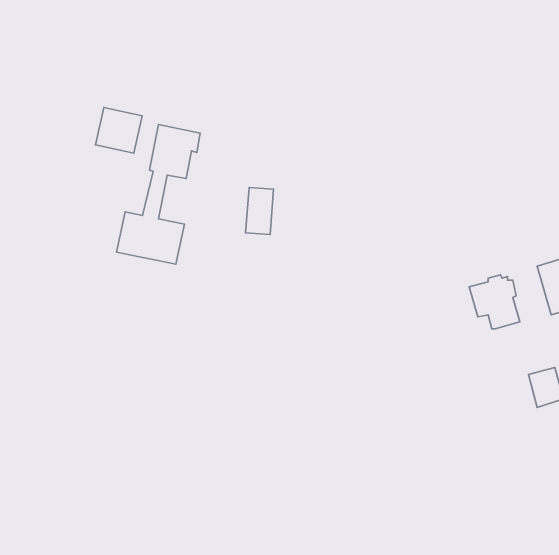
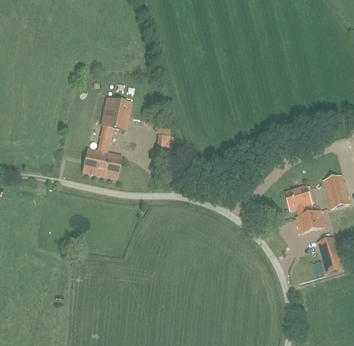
building: [95,108,142,153] -> none
building: none -> [296,209,325,232]

